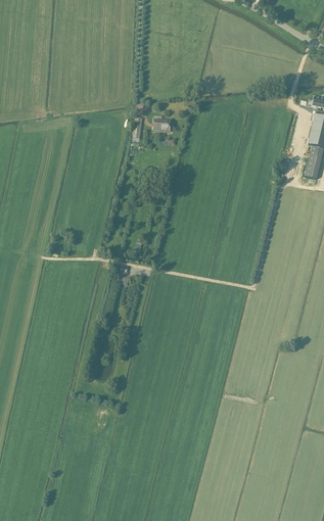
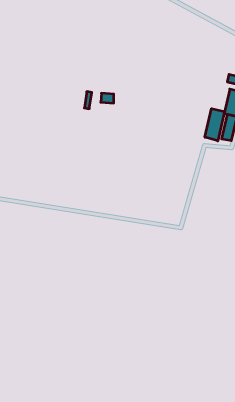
building: none -> [205,109,225,141]

